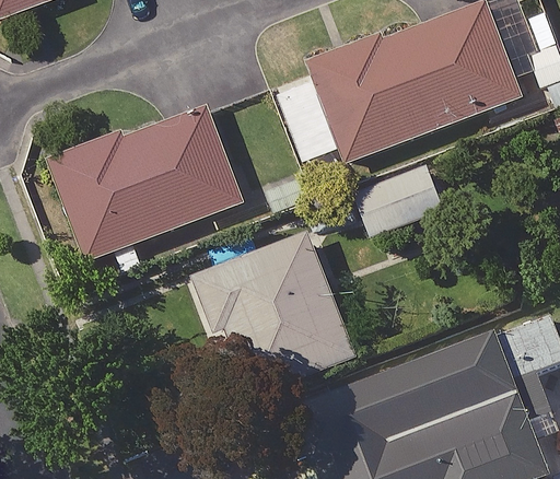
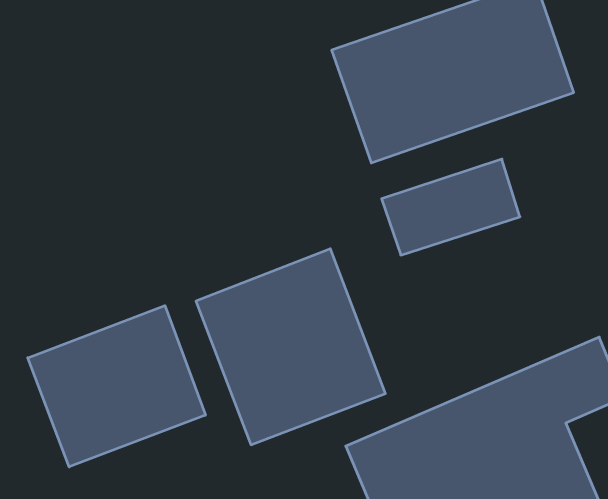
building: [50,108,244,257] -> none
building: none -> [28,306,205,467]

